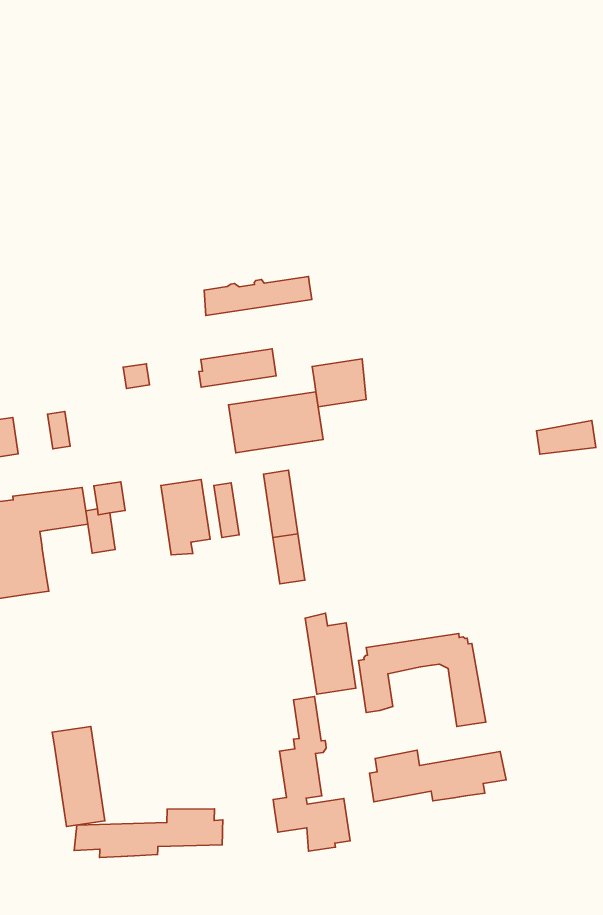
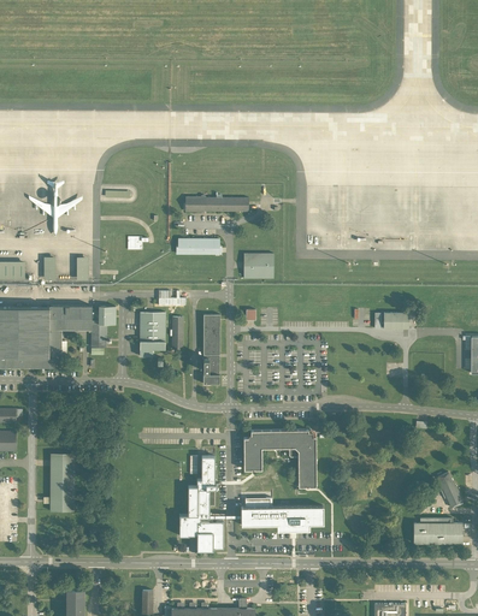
building: [229,392,323,453] -> none
building: [305,613,356,694] -> none
building: [74,809,223,857] -> none

